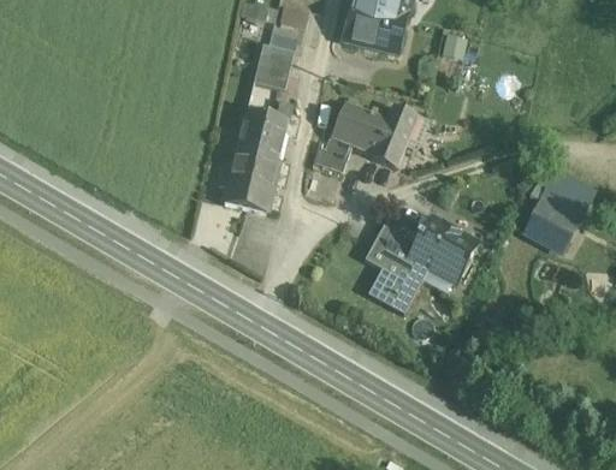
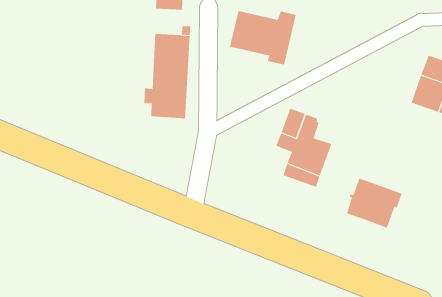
building: [315,138,351,172] -> none
building: [411,218,479,280] -> [346,178,402,229]

